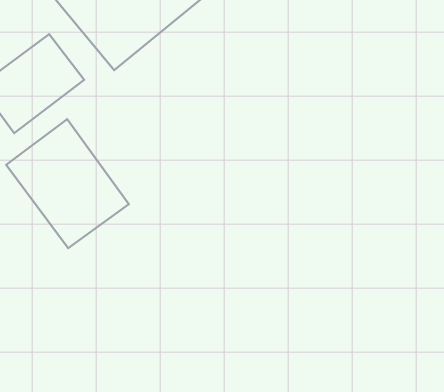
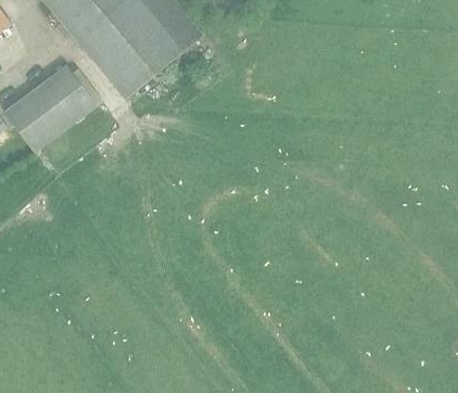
building: [6,119,129,248] -> none

